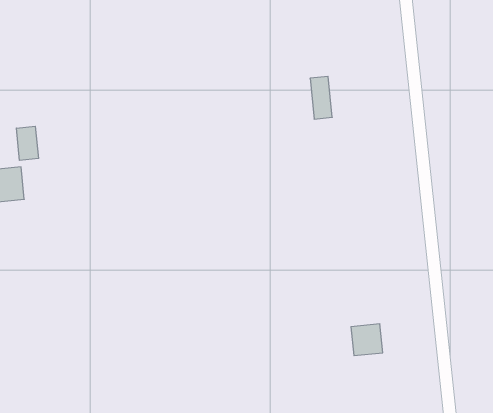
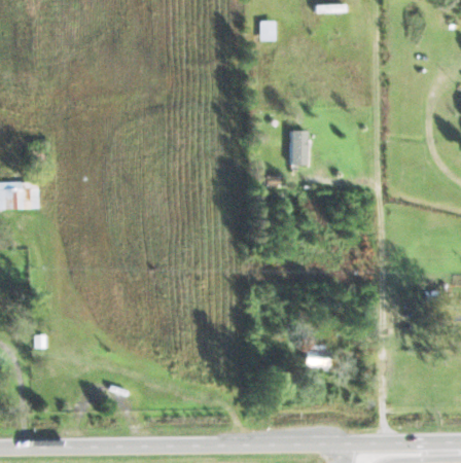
building: [16,126,39,160] -> none

